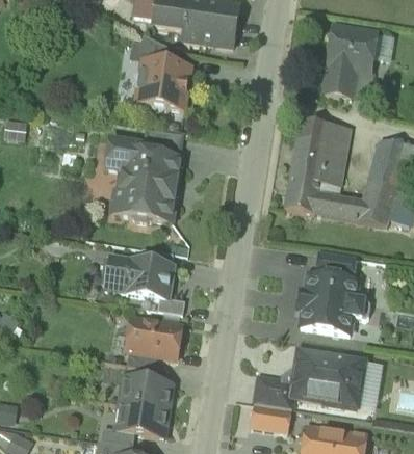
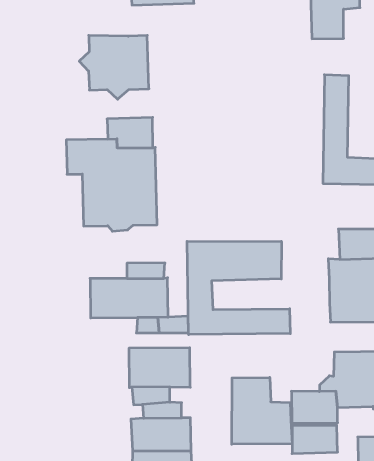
building: [138,34,178,63] -> none
building: [283,117,330,211] -> none
building: none -> [187,241,290,335]
building: none -> [232,377,292,444]

